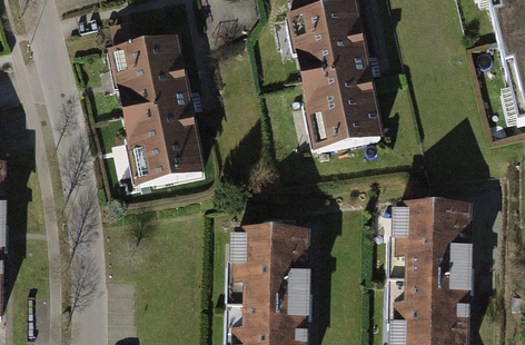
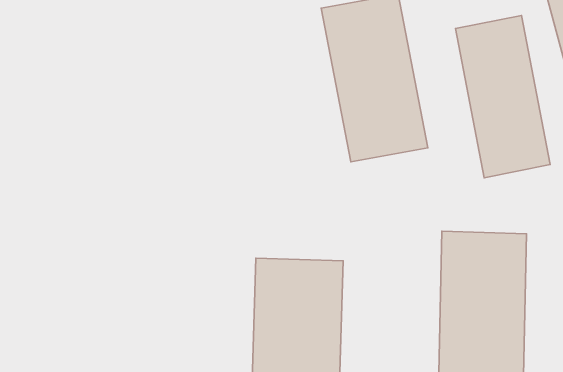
building: none -> [456,15,550,178]
building: [115,32,199,179] -> none

